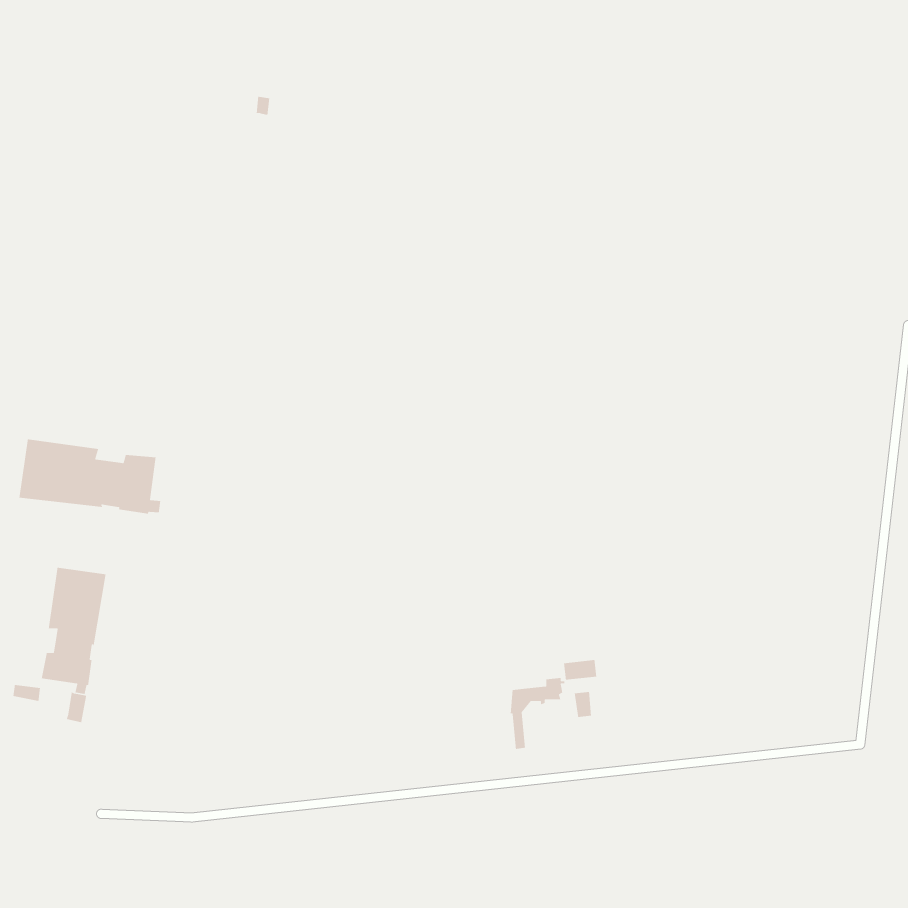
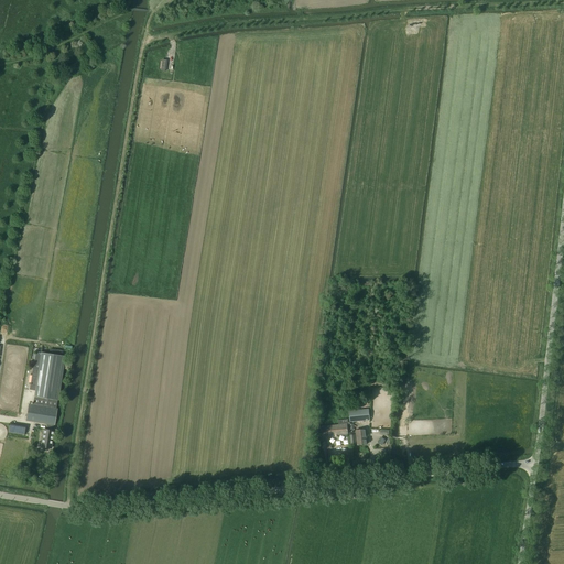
building: [19,438,161,514] -> none

